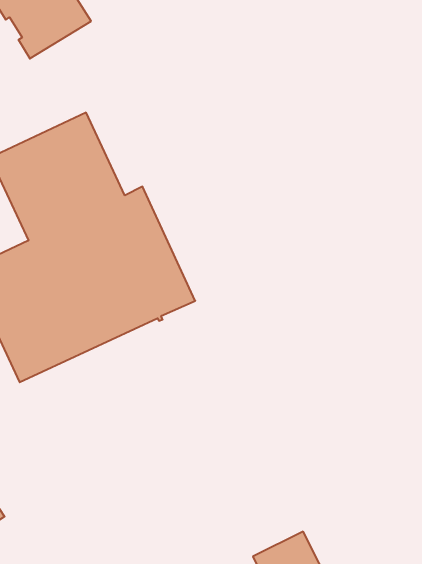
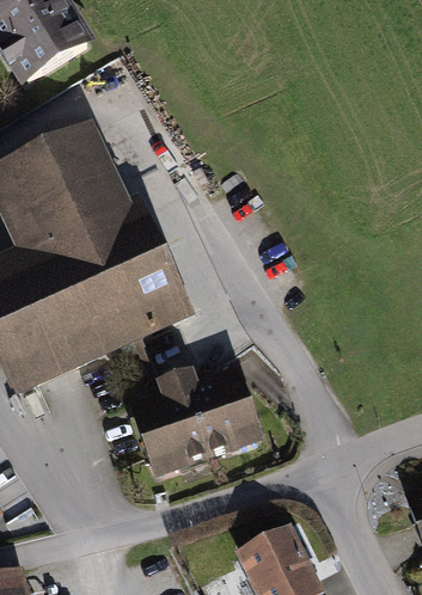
building: none -> [135,372,258,468]

